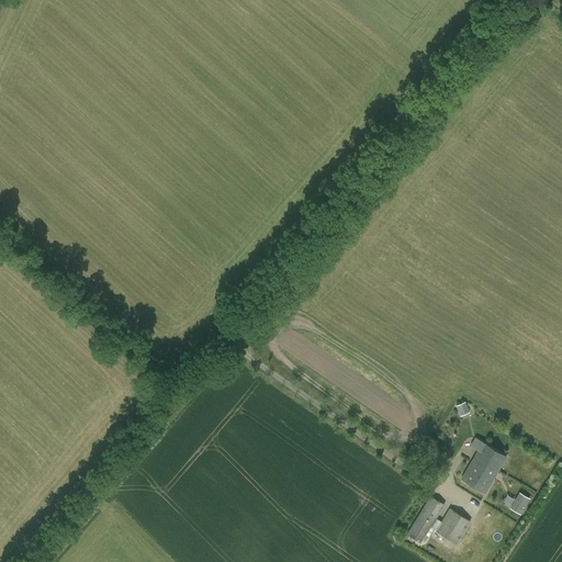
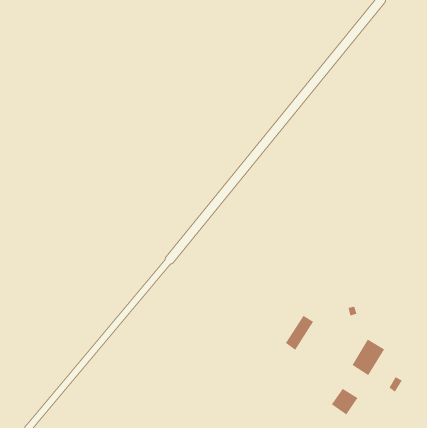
building: [405,496,443,543] -> [285,315,314,351]

